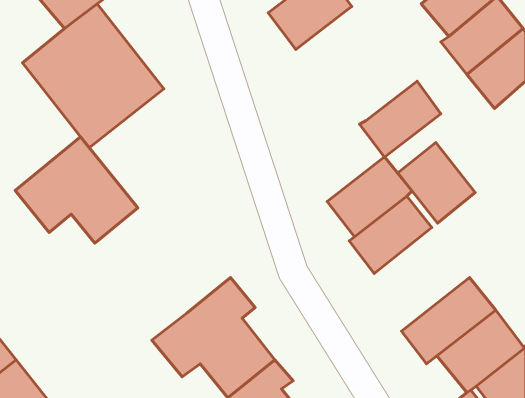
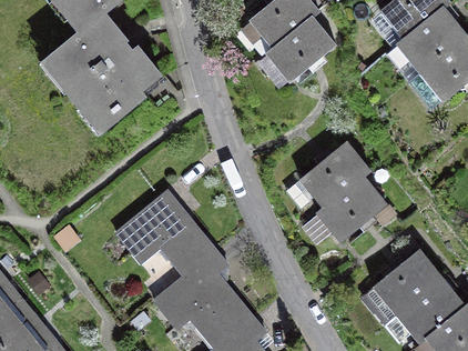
building: [360,81,441,157] -> [266,19,335,83]
building: [15,137,138,243] -> [112,185,216,275]
building: [398,142,475,223] -> none

